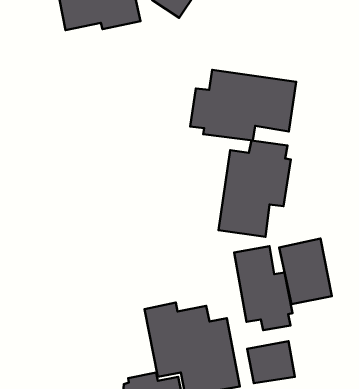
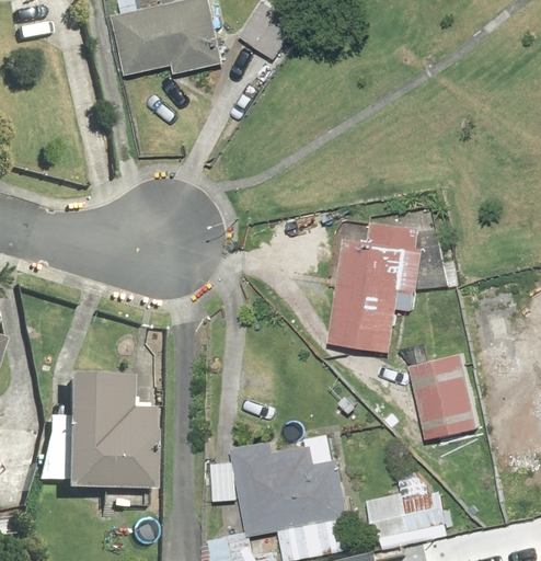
building: [190,70,296,141] -> none
building: [234,246,292,330] -> none
building: none -> [58,373,149,492]

